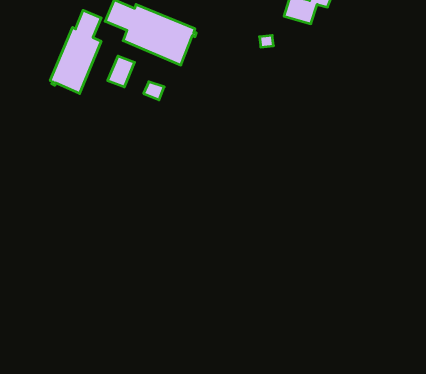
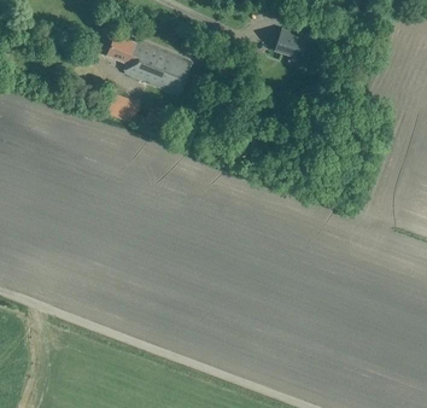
building: [50,10,101,94] -> none

